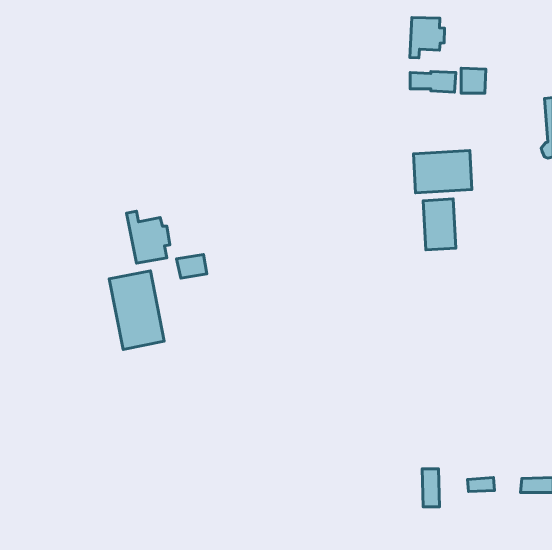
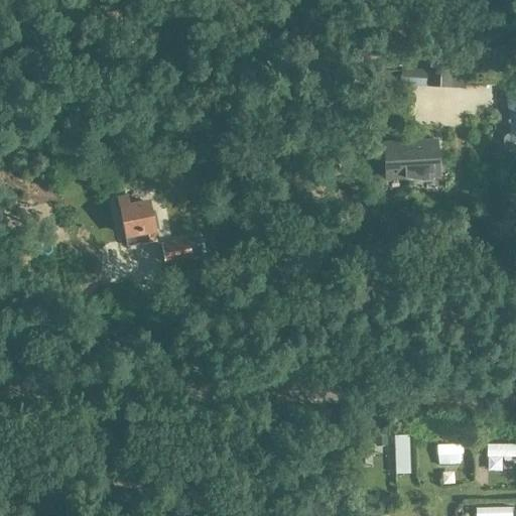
building: [410,17,445,58] -> none
building: [423,199,456,250] -> none
building: [109,271,164,350] -> none

